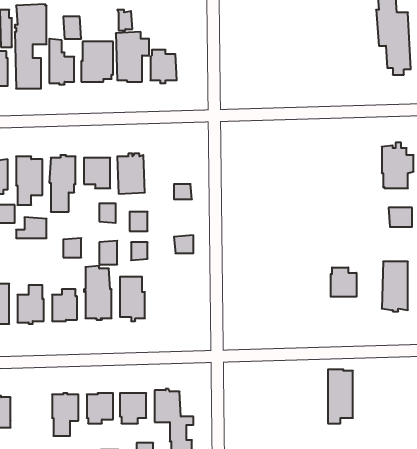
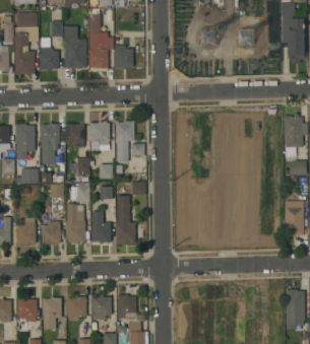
building: none -> [115,120,134,161]
building: none -> [116,195,135,244]
building: [331,267,356,297] -> none
building: [328,369,353,423] -> [286,289,304,329]
building: none -> [17,296,37,321]

